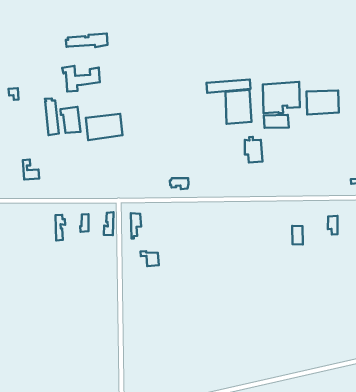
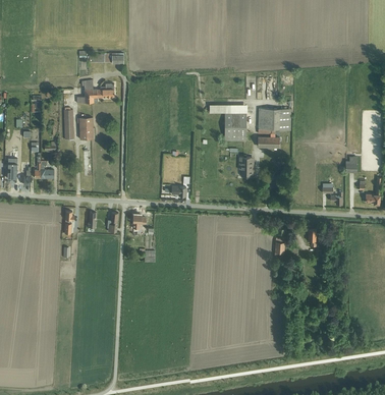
building: [307,91,339,115] -> none
building: [86,114,123,140] -> none

